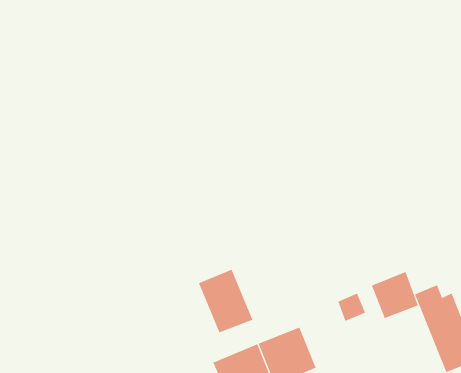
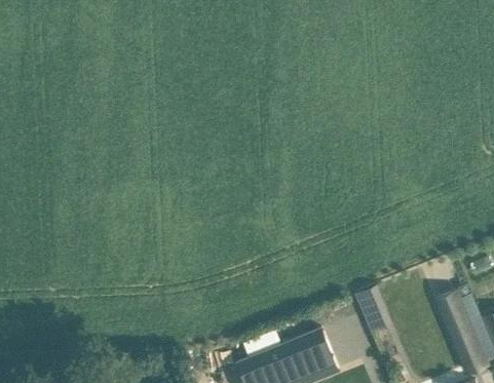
building: [198,269,253,333] -> none
building: [371,271,419,319] -> none

